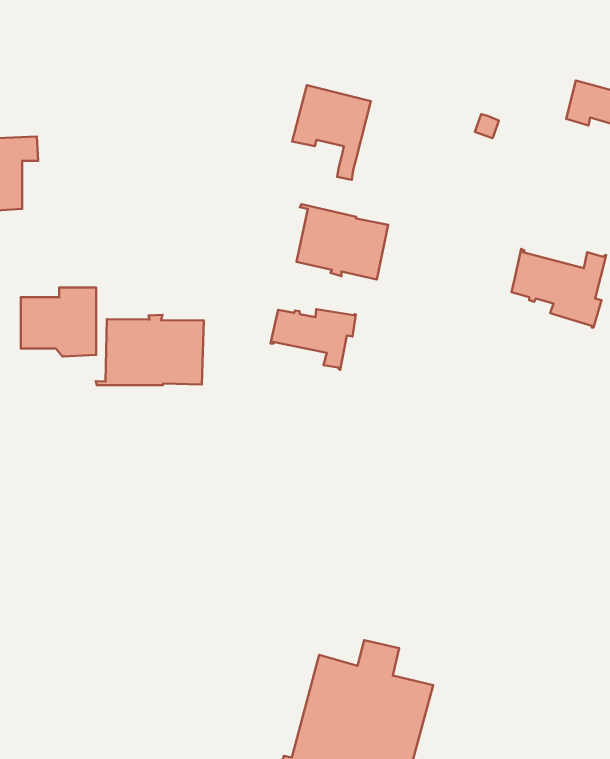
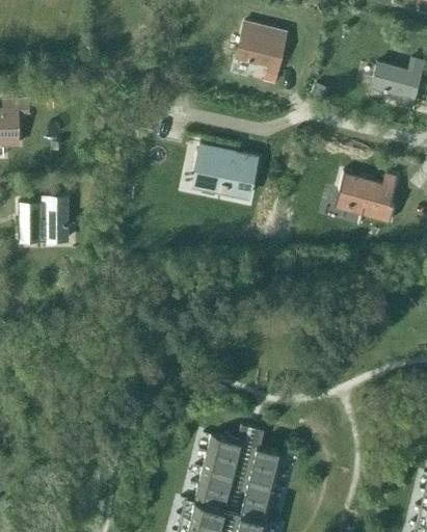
building: [292,85,371,180] -> [236,23,287,84]
building: [270,309,356,370] -> none
building: [96,315,204,385] -> none

